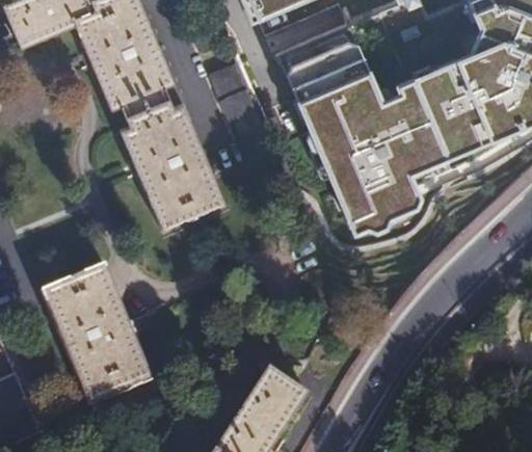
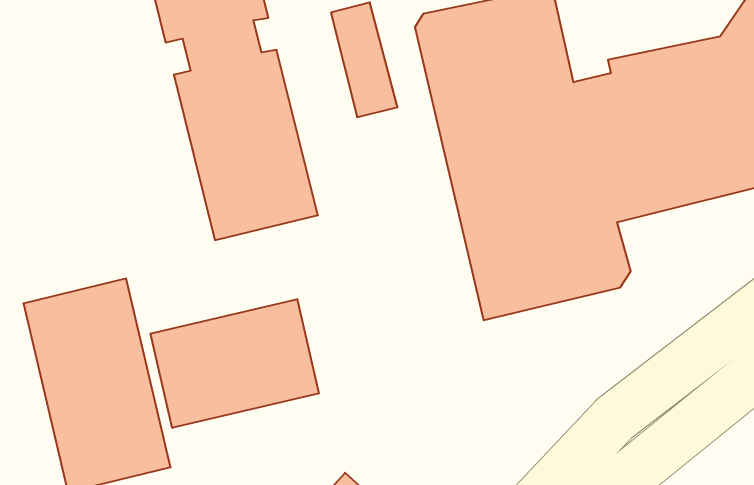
building: none -> [151,299,319,428]

